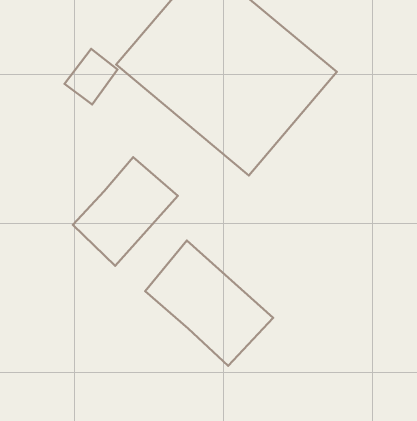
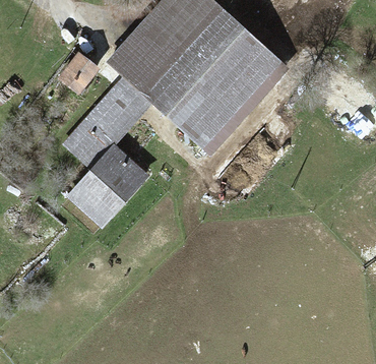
building: none -> [62,78,147,167]
building: [145,241,273,366] -> none

